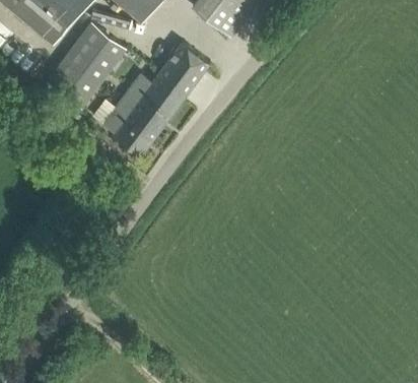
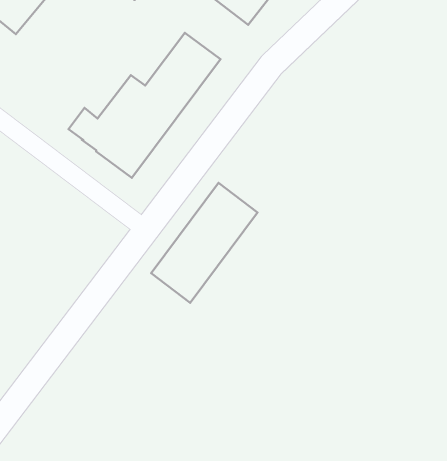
building: [47,23,126,109] -> none
building: none -> [151,183,258,303]

